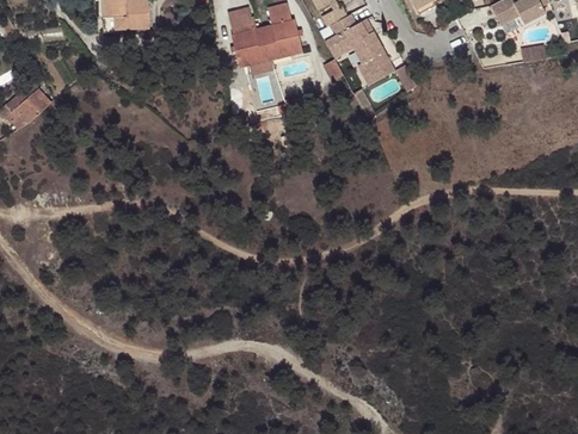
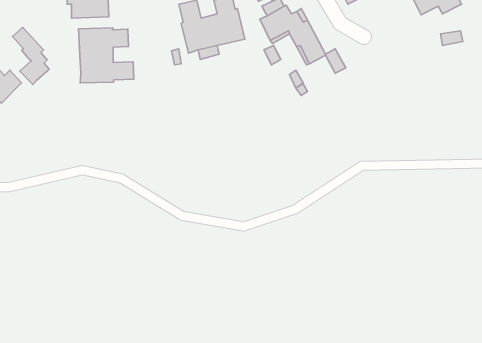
building: none -> [12,27,49,85]
building: none -> [79,28,134,83]

